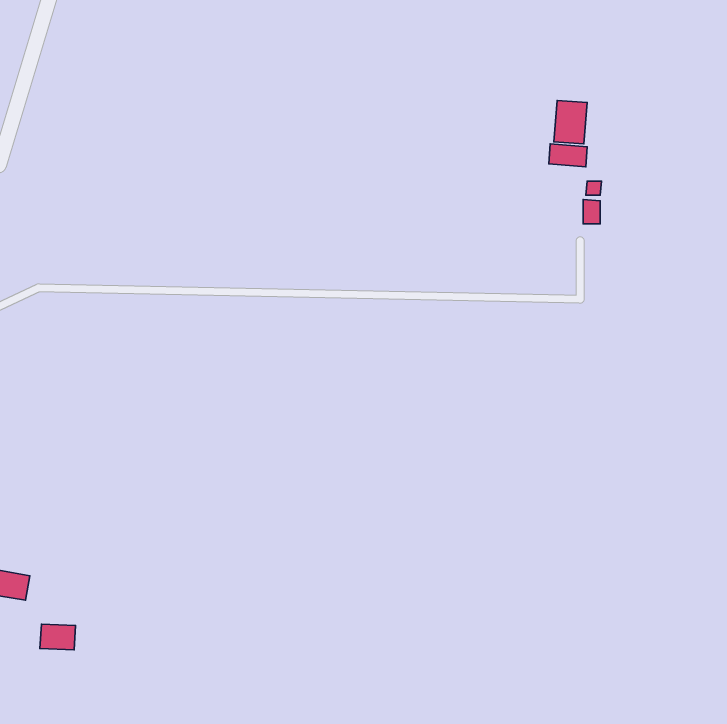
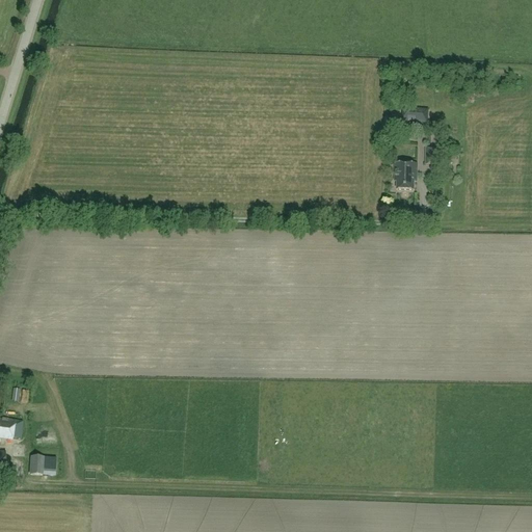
building: [554,101,587,144] -> none
building: none -> [394,162,416,188]

